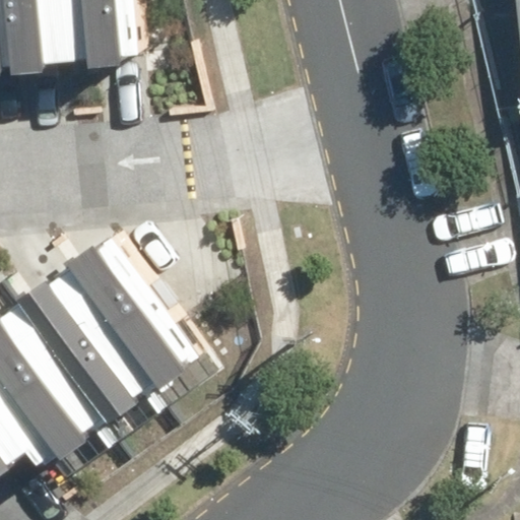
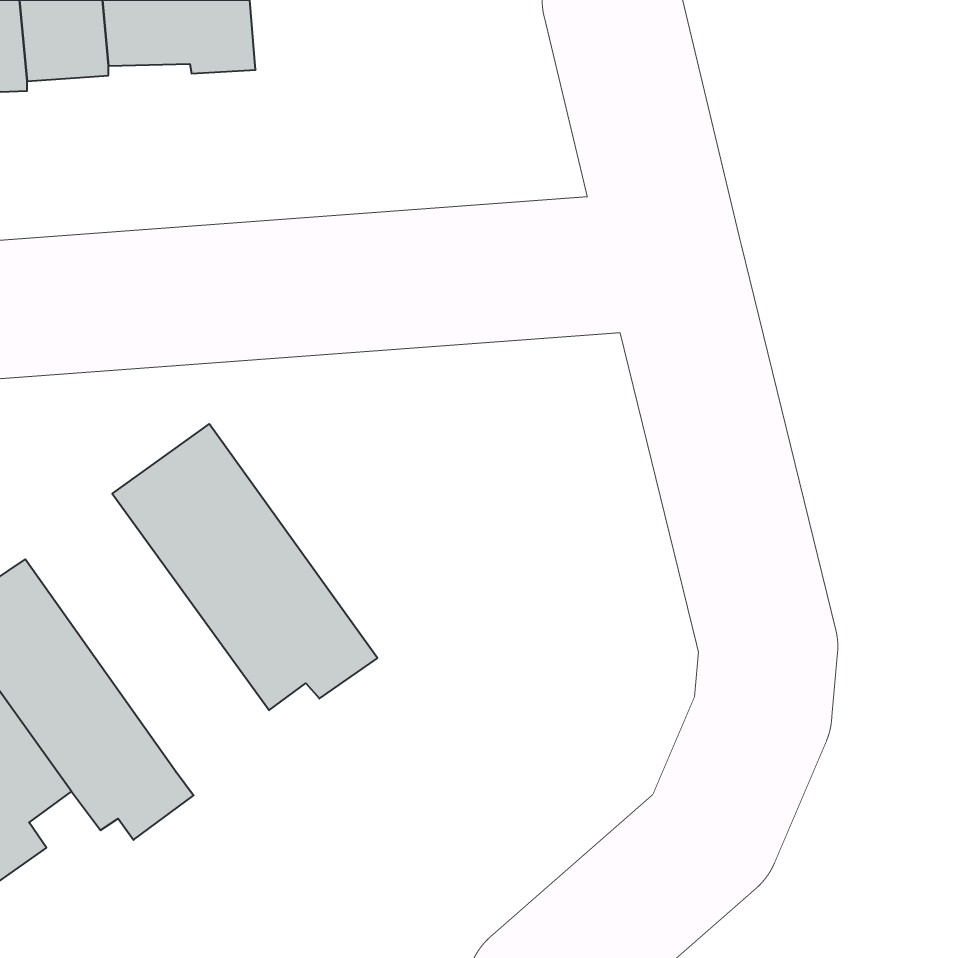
building: [13,275,146,421] -> none

